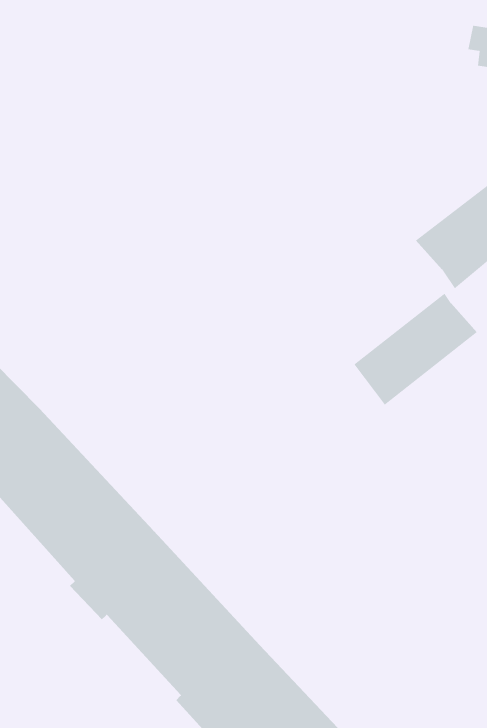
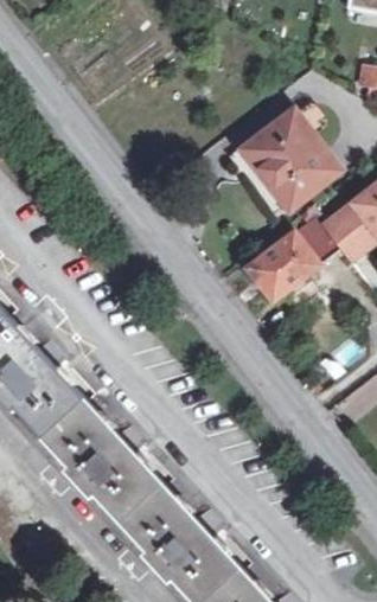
building: none -> [245,119,336,210]
building: [354,293,478,405] -> [247,220,337,302]

